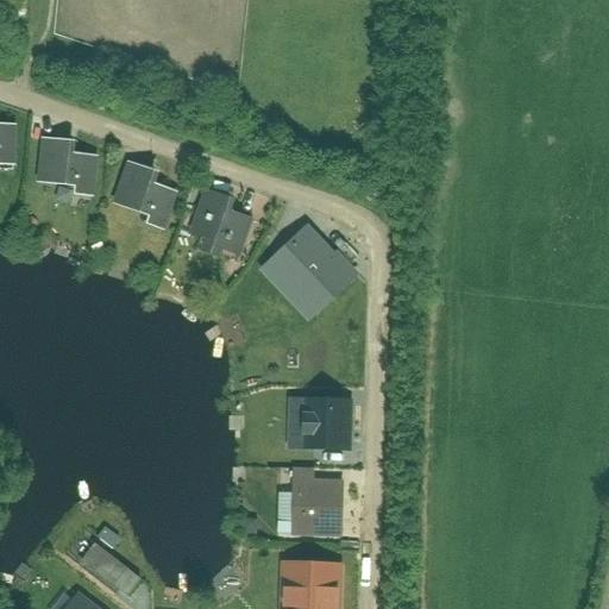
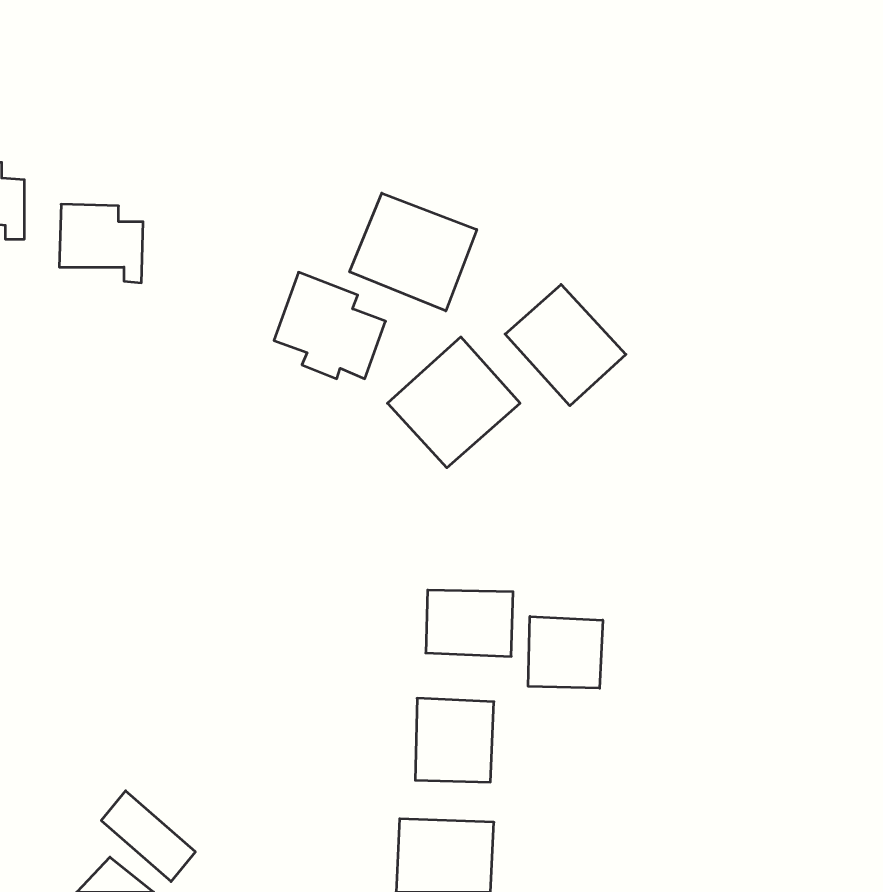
building: none -> [350,193,477,311]
building: [113,161,186,231] -> none
building: none -> [505,284,626,406]
building: none -> [528,616,603,688]

